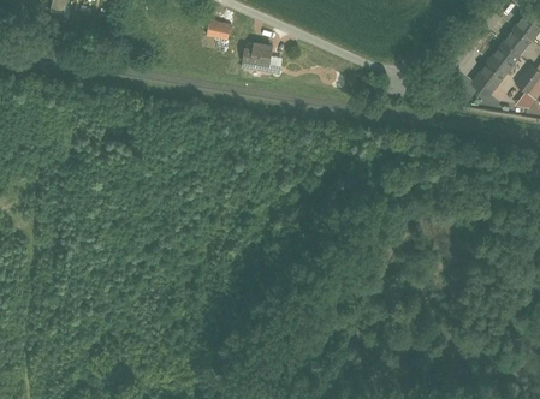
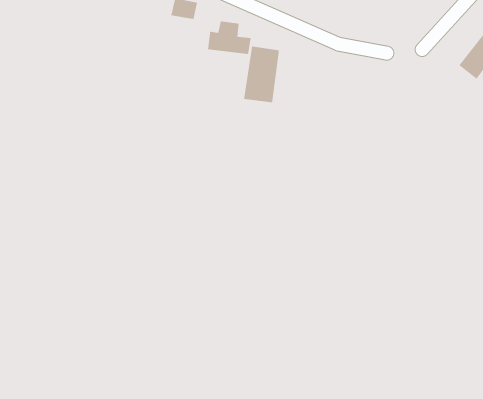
building: none -> [243,44,280,103]

